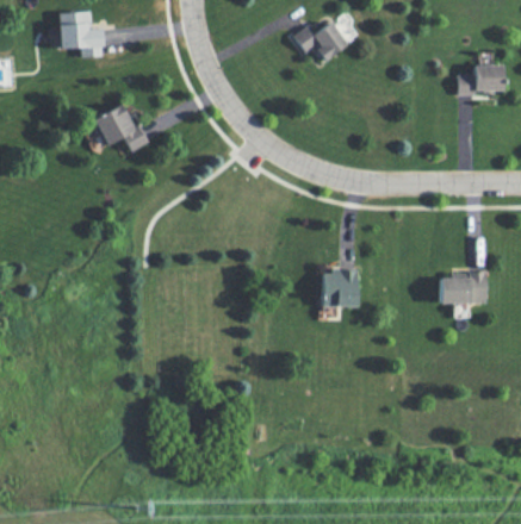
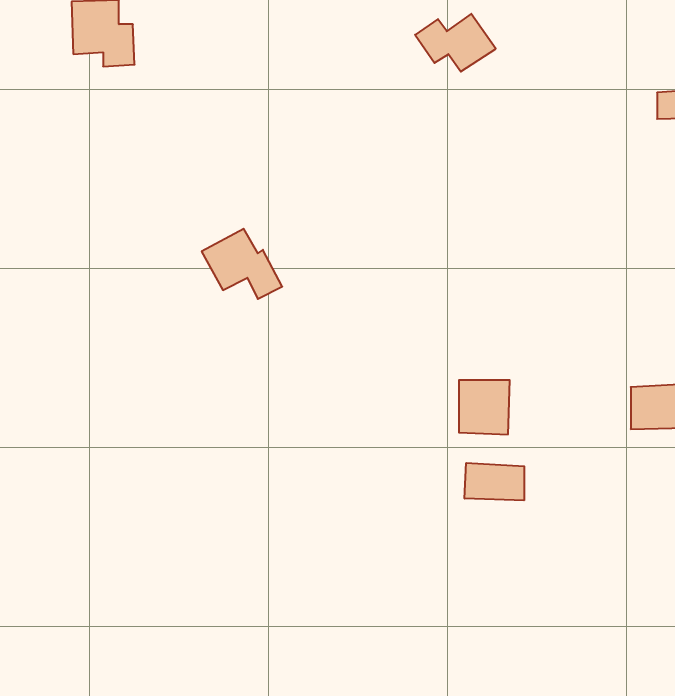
building: [93,104,148,151] -> [202,229,282,299]
building: none -> [465,463,524,500]

